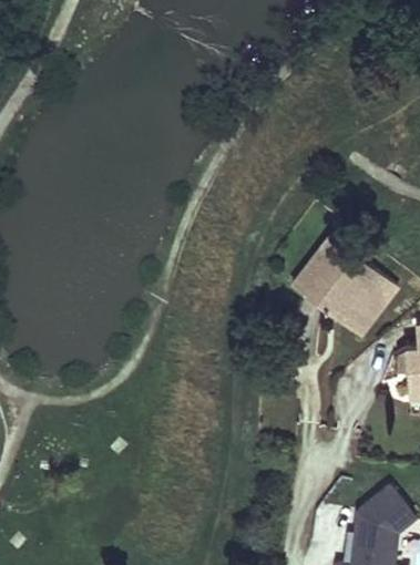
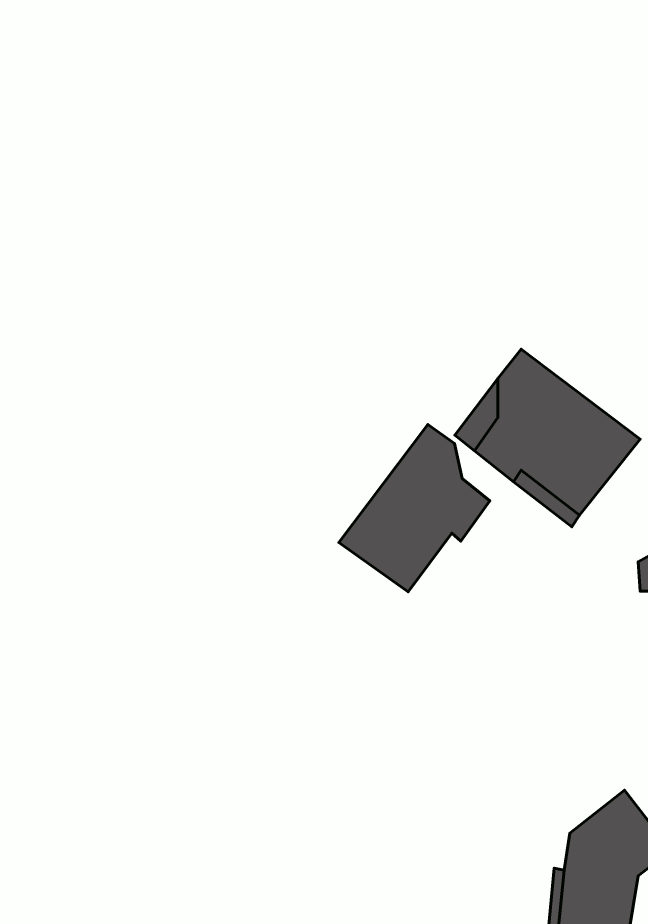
building: none -> [339,425,490,592]

